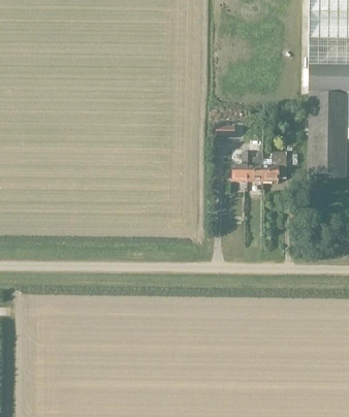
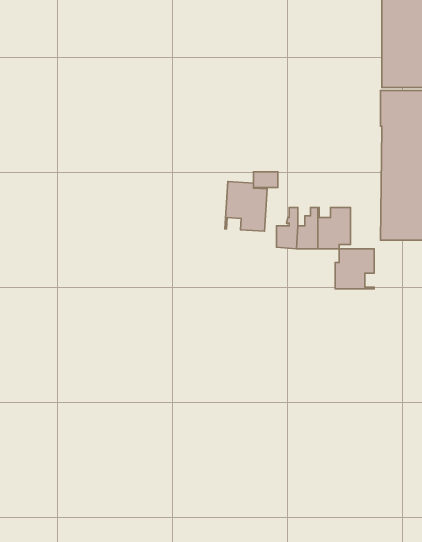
building: none -> [225,182,267,231]
building: none -> [335,249,374,289]

